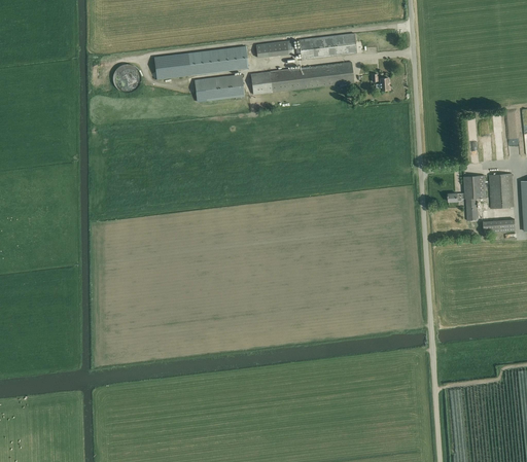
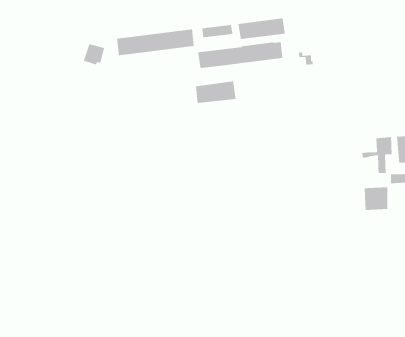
building: [195,73,244,101] -> [195,81,237,104]
building: none -> [364,187,388,211]

